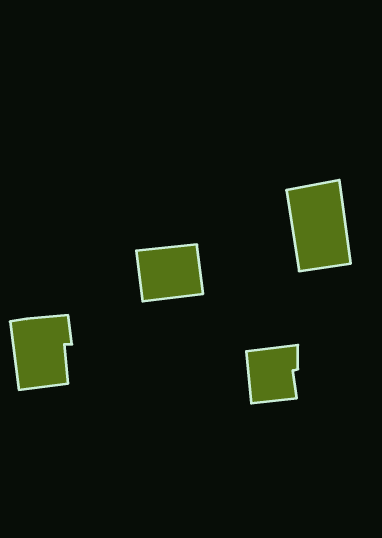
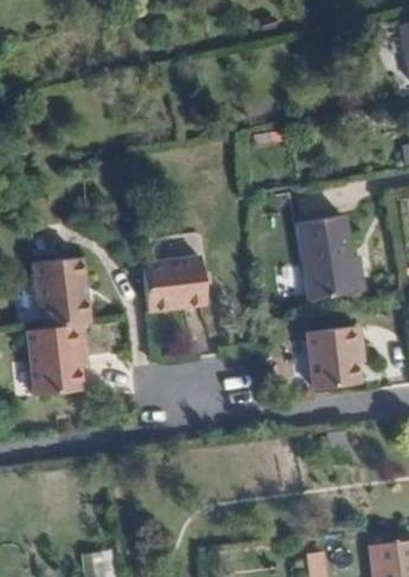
building: none -> [38,256,91,329]
building: [246,345,298,403] -> [318,330,367,385]

